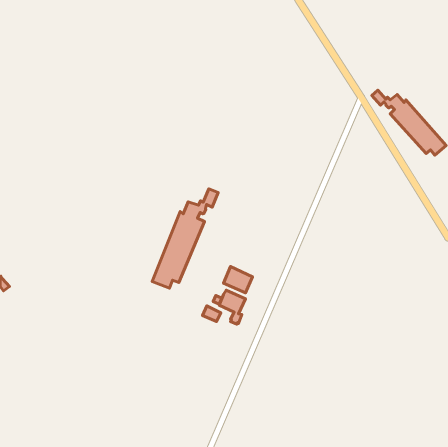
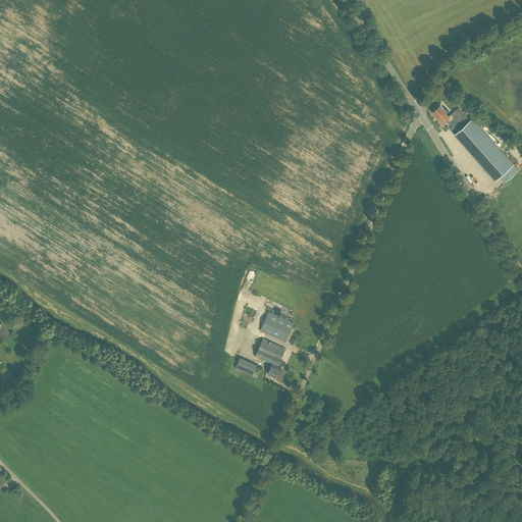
building: [152,189,218,288] -> none

